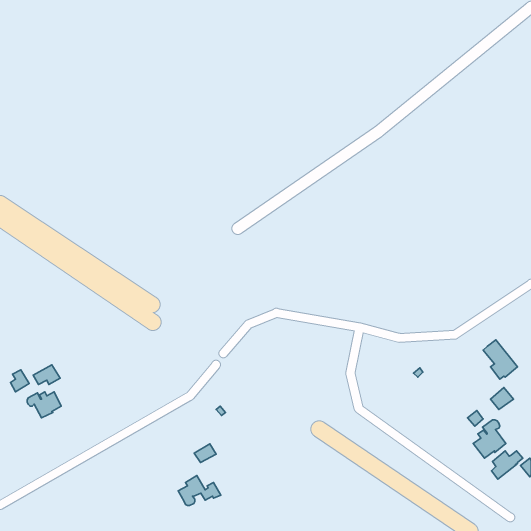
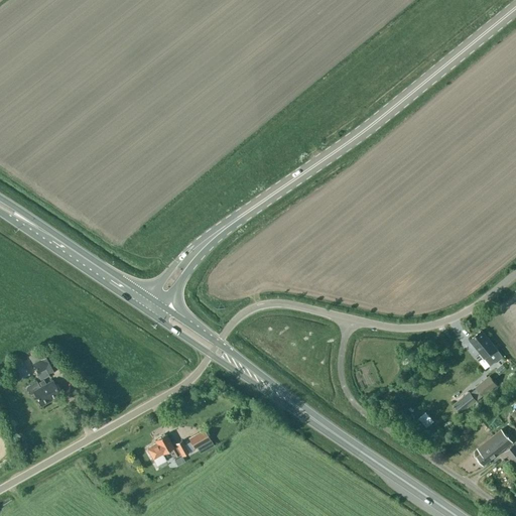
building: [473,420,506,458] -> none
building: [178,475,221,505] -> [147,433,188,463]

